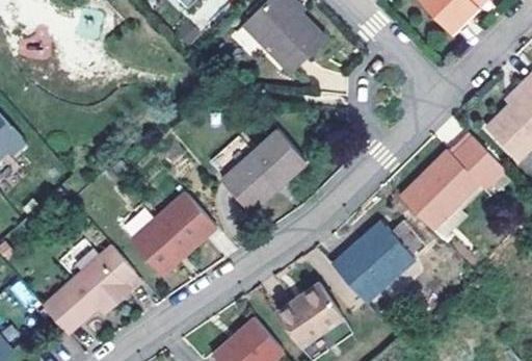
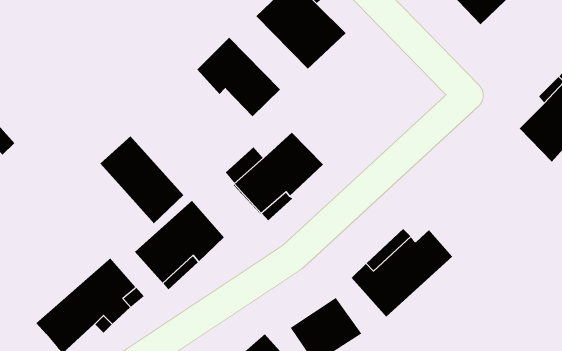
building: none -> [196,37,281,117]
building: none -> [100,135,184,224]
building: [401,139,504,228] -> none

